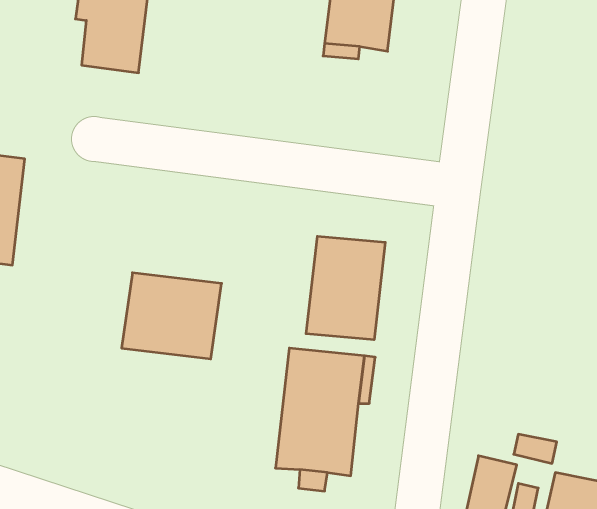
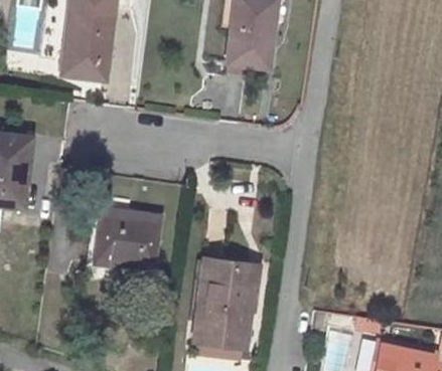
building: [306,236,385,340] -> none

